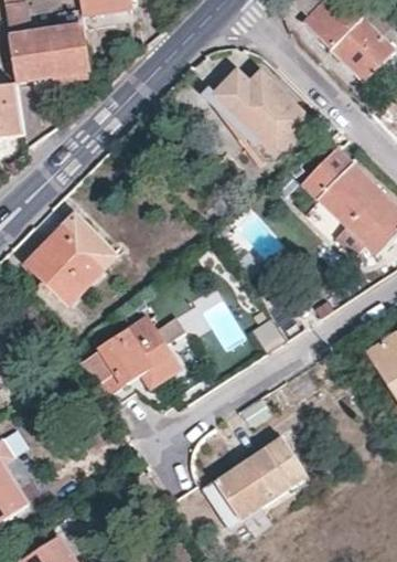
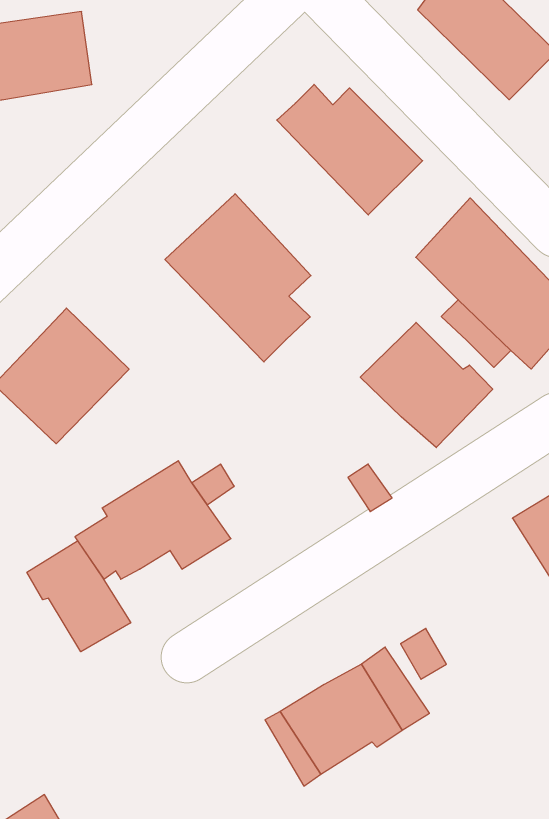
building: none -> [165,194,311,362]
building: none -> [360,322,493,448]
building: none -> [27,541,131,652]

